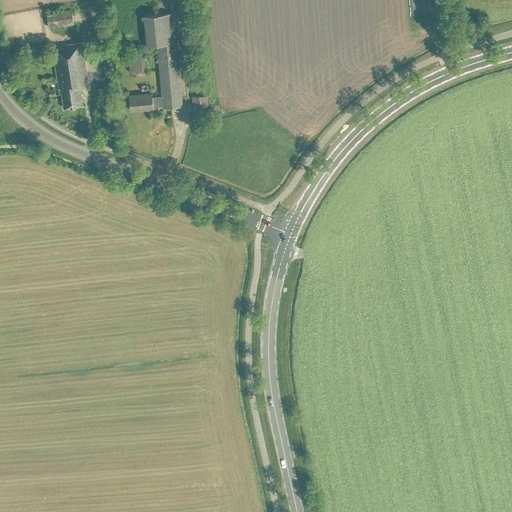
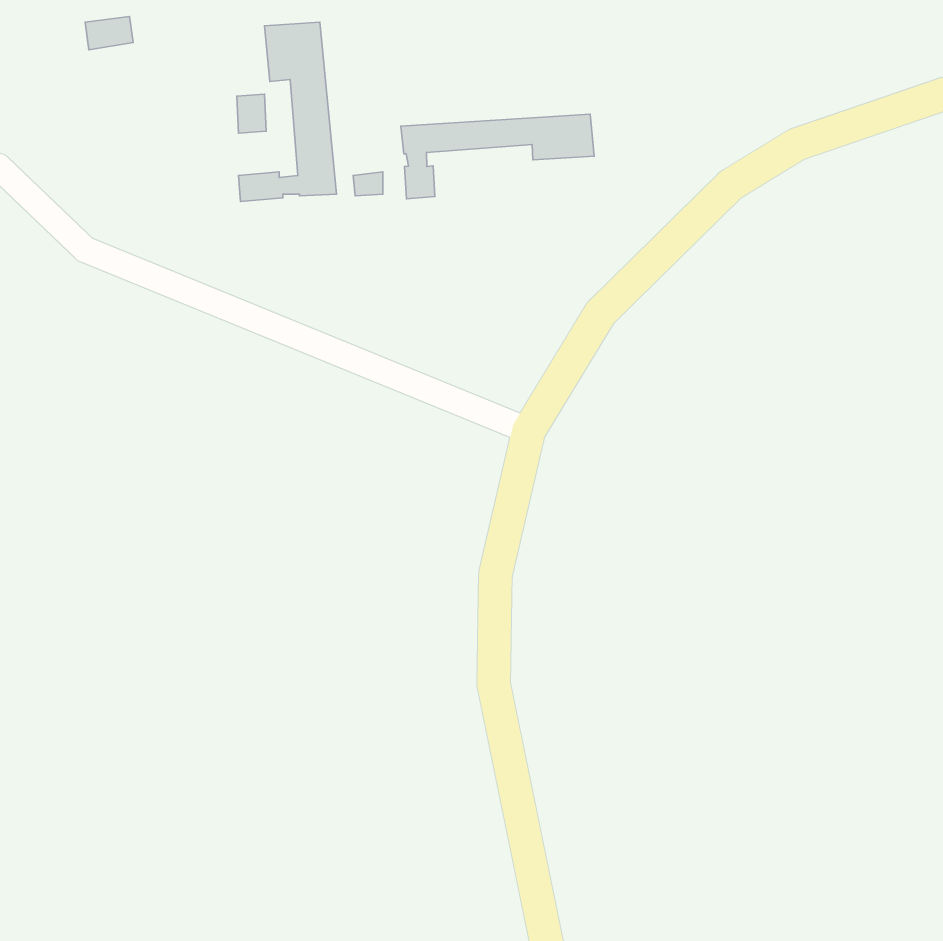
building: [48,44,88,109] -> none
building: none -> [401,114,594,199]

